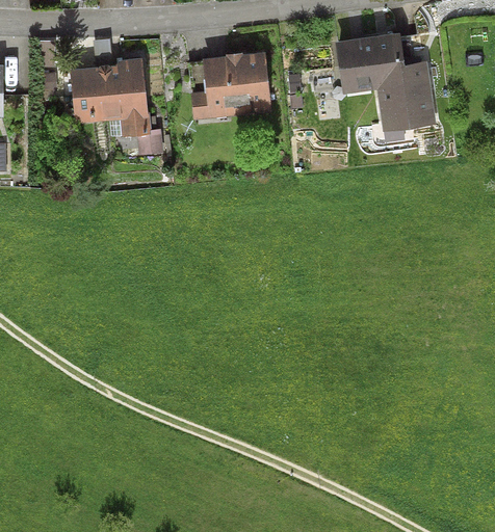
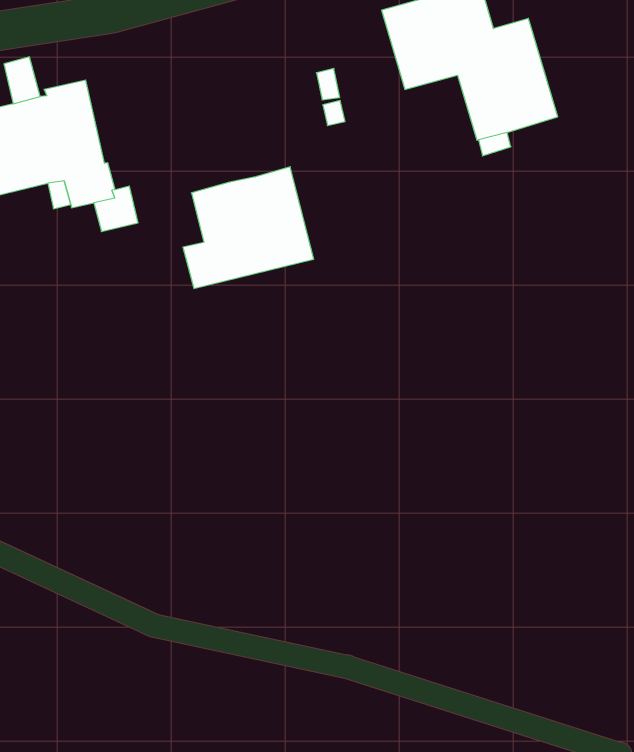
building: [190,52,271,119] -> [183,167,314,288]

